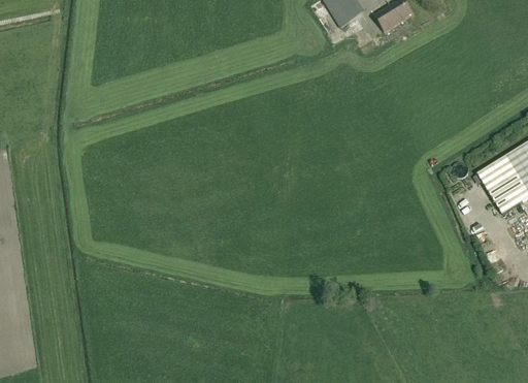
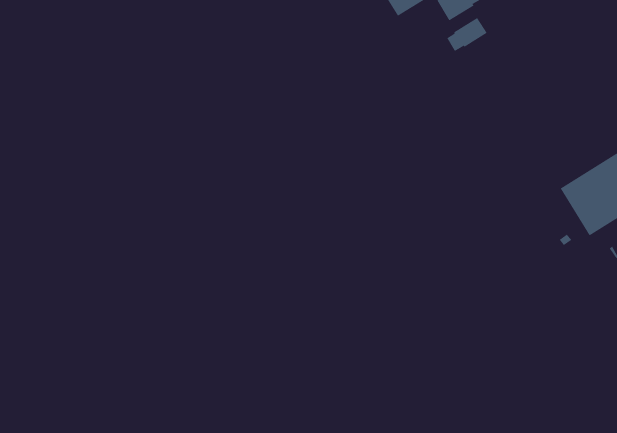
building: none -> [446,17,488,52]

